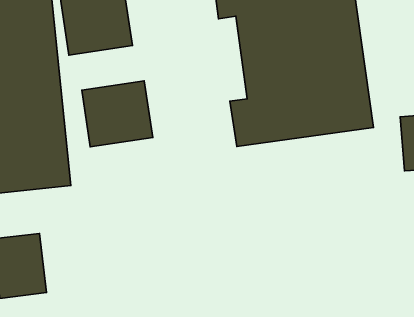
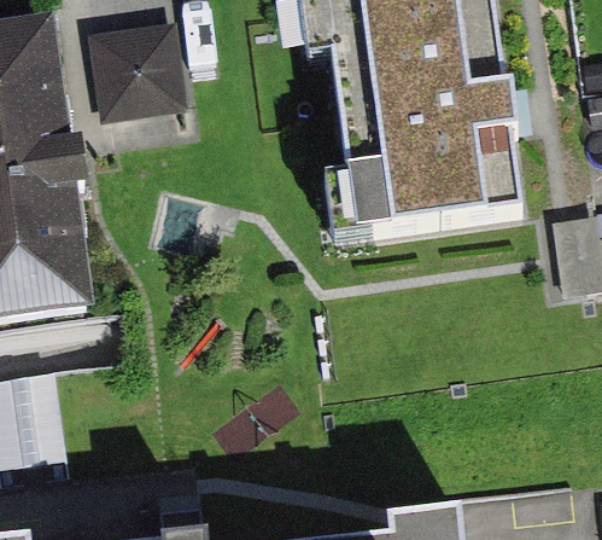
building: [82,81,153,147] -> none

